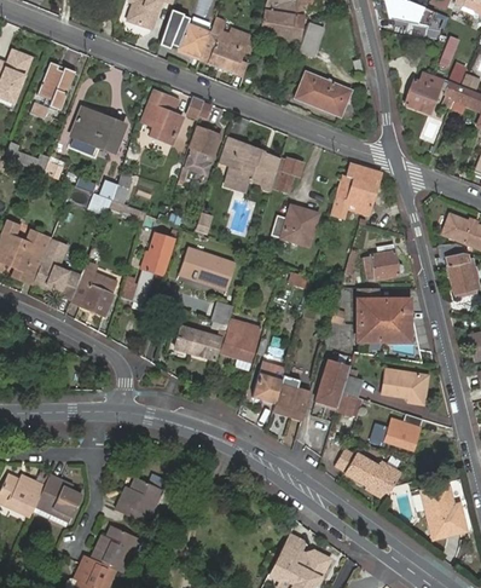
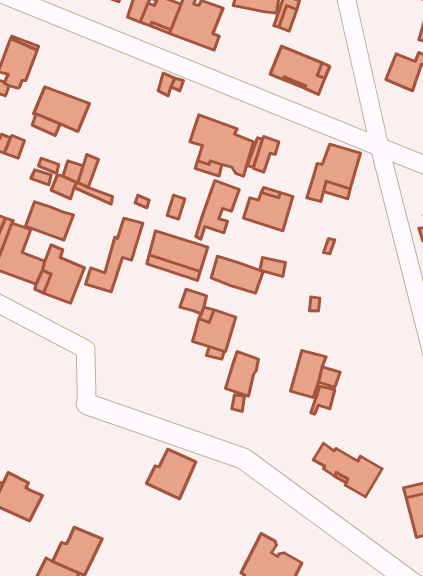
building: [145,91,182,144] -> none
building: [181,126,222,181] -> [196,181,239,239]
building: none -> [25,202,74,240]
building: [366,244,400,278] -> none
building: [355,288,410,340] -> none
building: [174,324,224,359] -> [211,256,263,293]
building: [381,369,425,405] -> none
building: [273,384,311,419] -> none
building: [372,413,424,449] -> none
building: [115,480,162,528] -> [146,449,196,499]

